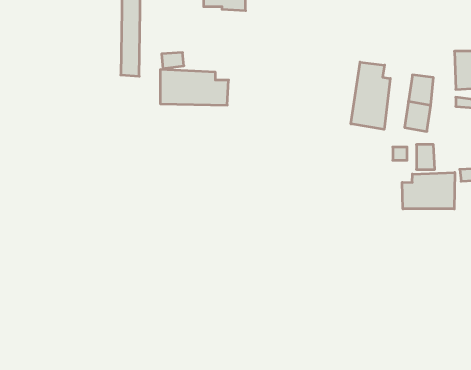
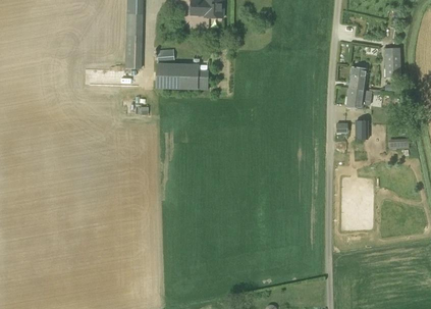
building: [351,62,390,129] -> none
building: [402,172,455,209] -> none

